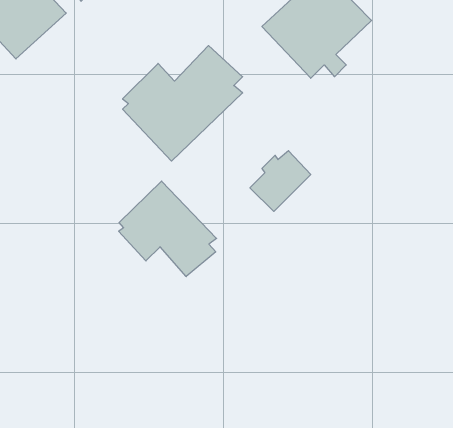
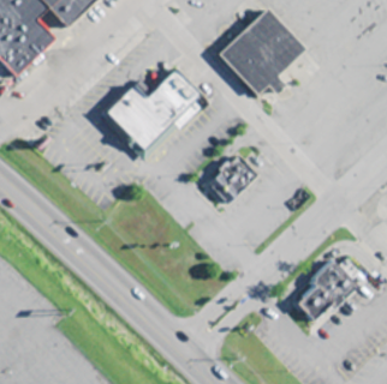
building: [119,181,217,277] -> none
building: none -> [296,253,365,316]

